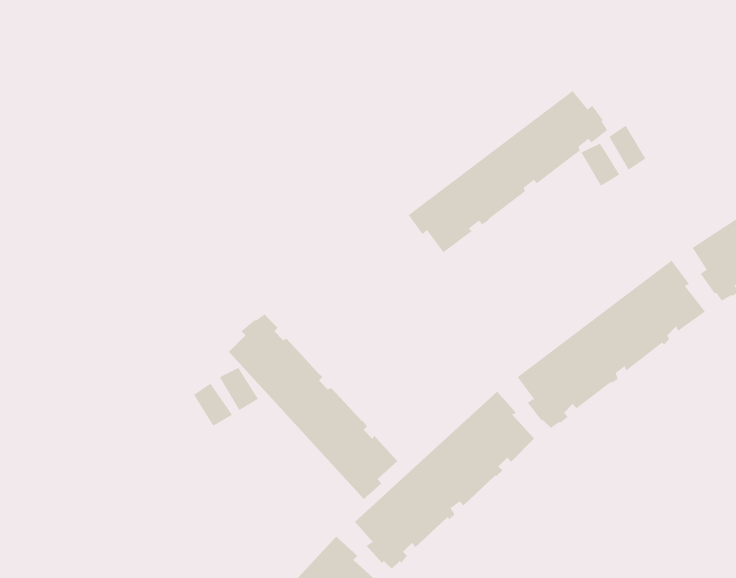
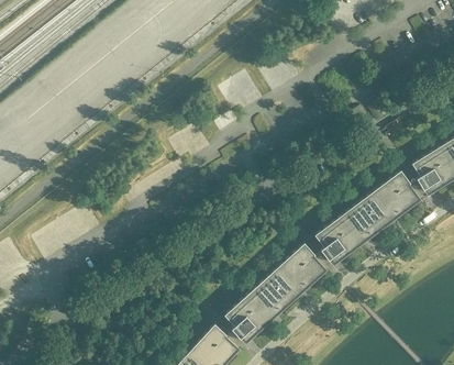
building: [408,90,608,253] -> none
building: [228,313,398,500] -> none

